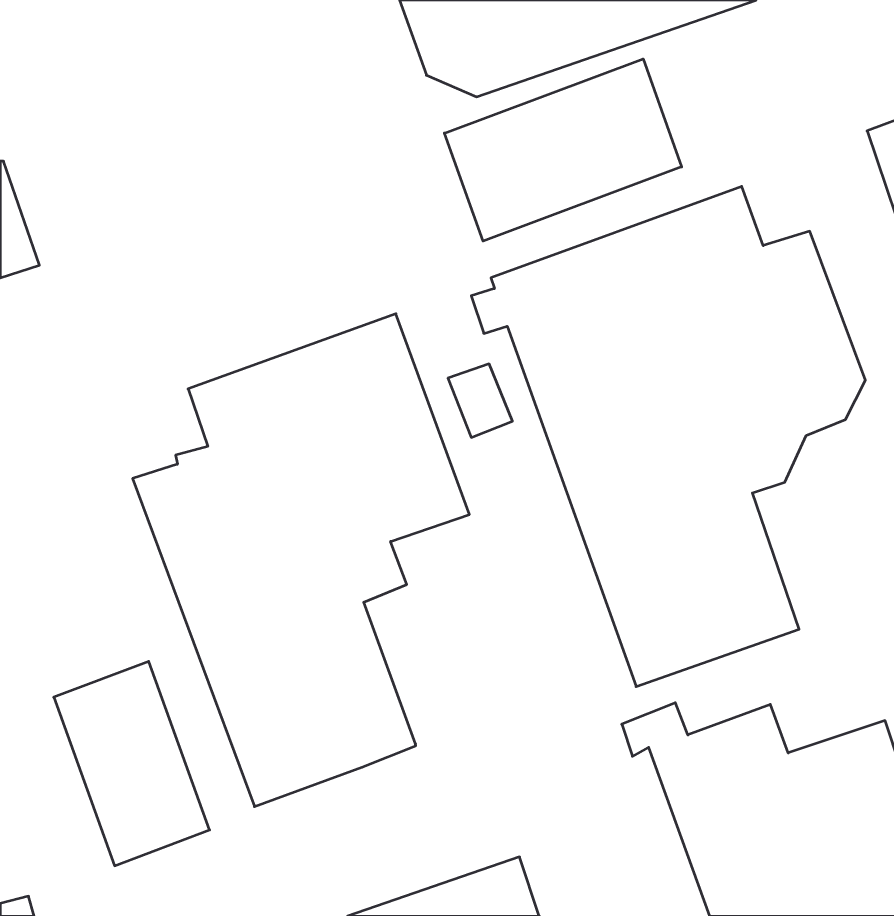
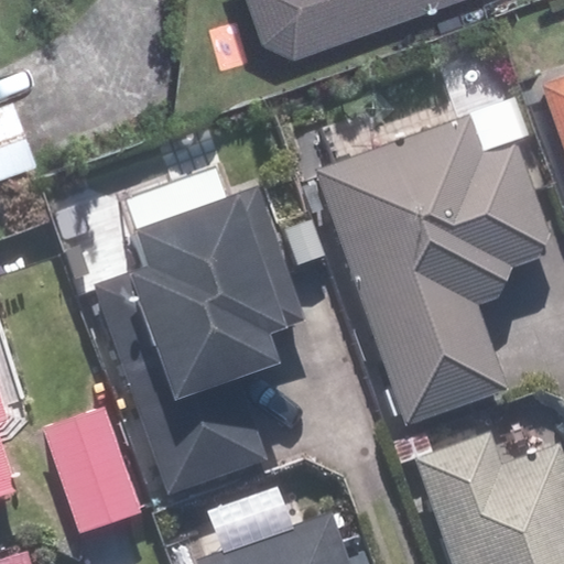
building: [444,59,682,241] -> none

